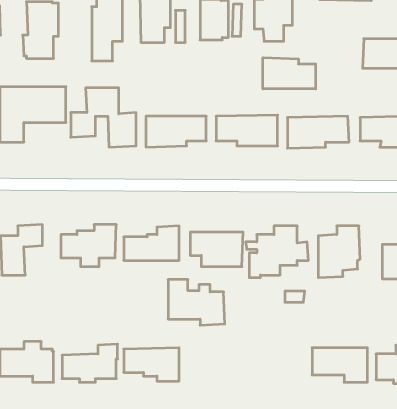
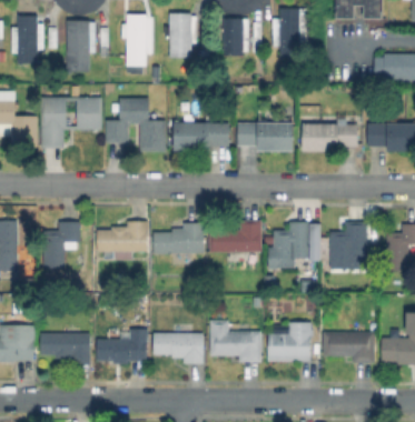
building: [263,58,316,89] -> none
building: [168,280,225,325] -> [210,320,261,361]
building: none -> [268,321,312,360]

